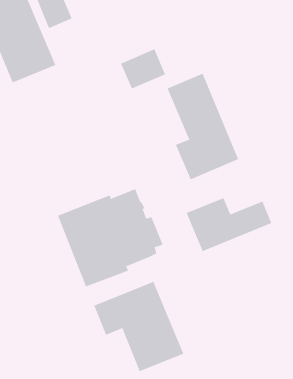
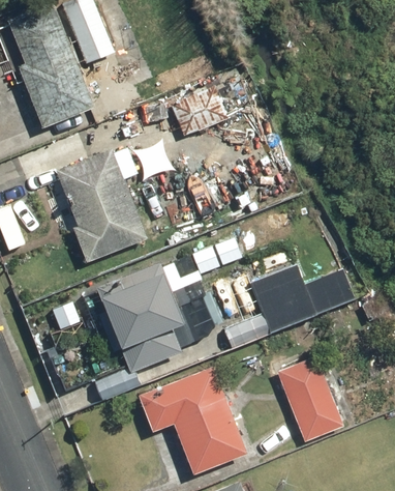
building: [167,73,239,180] -> none
building: none -> [55,150,147,263]
building: none -> [277,357,343,442]

